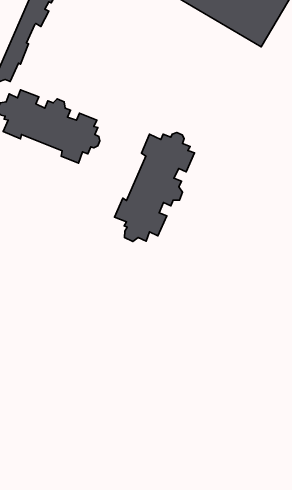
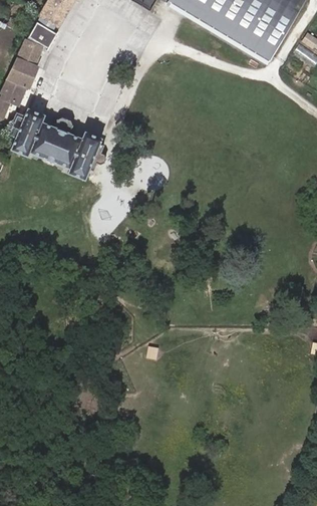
building: [115,132,194,241] -> none

